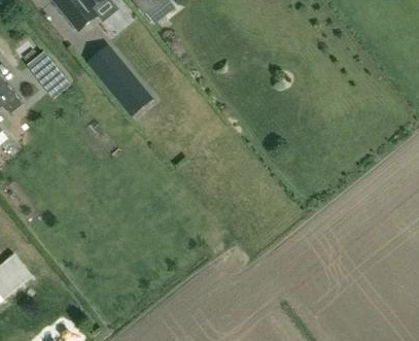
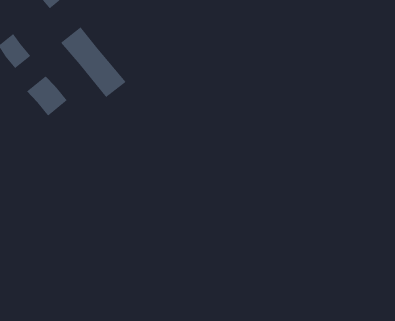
building: none -> [26,75,67,117]

